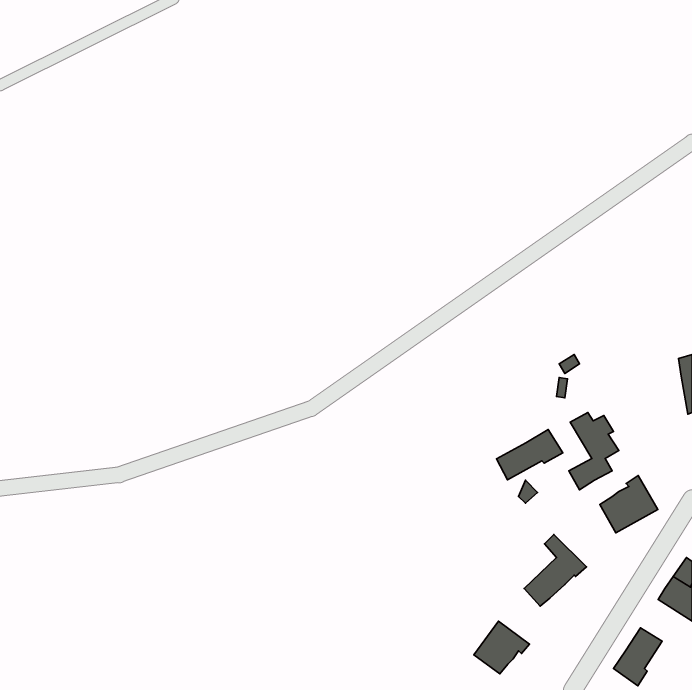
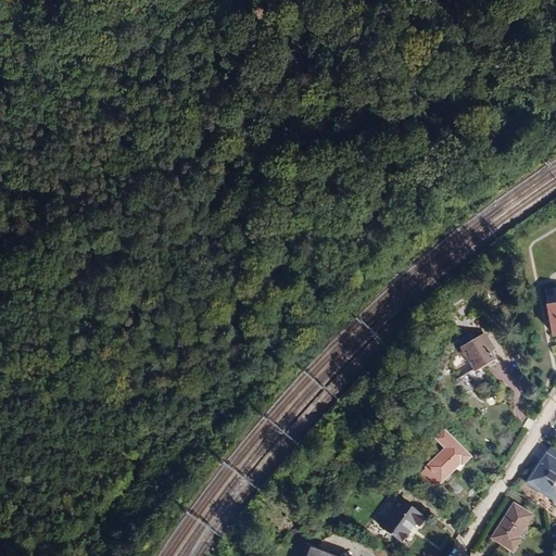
building: [497,430,563,480] -> none
building: [600,476,658,533] -> none

